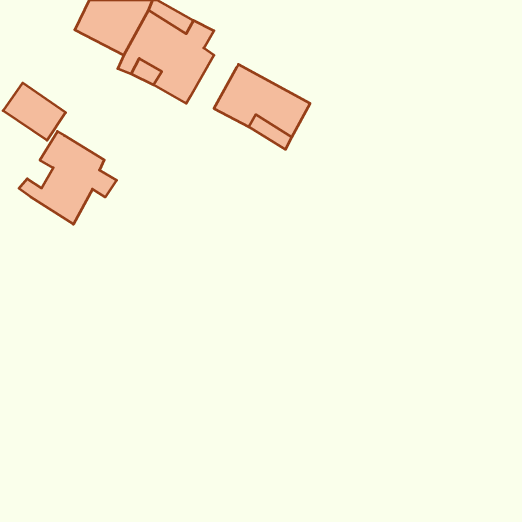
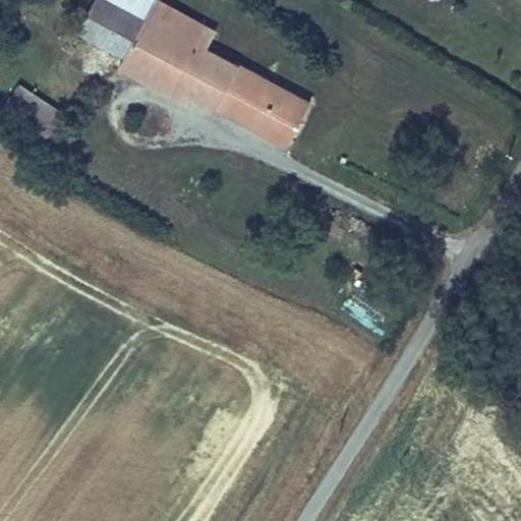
building: none -> [190,56,236,109]
building: [19,131,117,224] -> none

